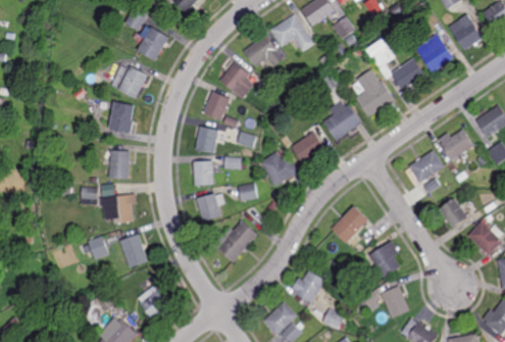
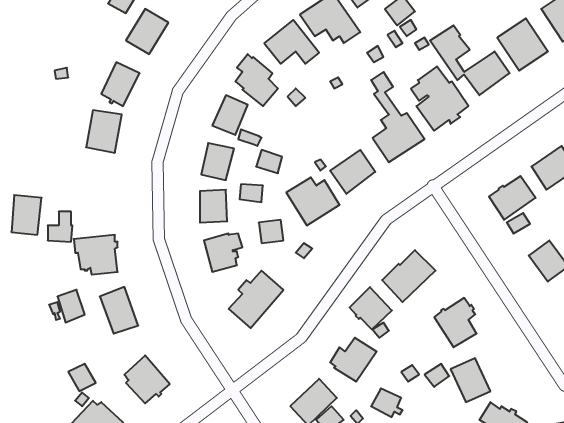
building: [109,150,132,180] -> [11,195,42,235]
building: none -> [350,287,392,329]

